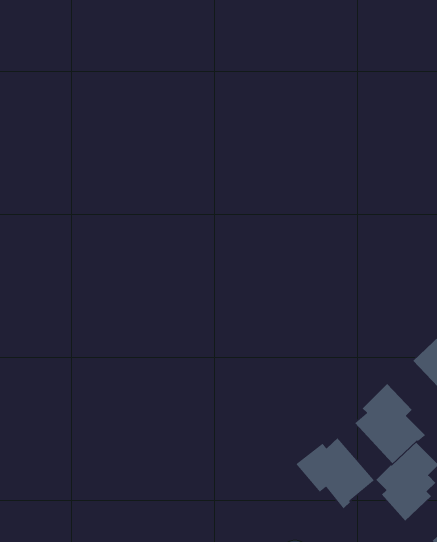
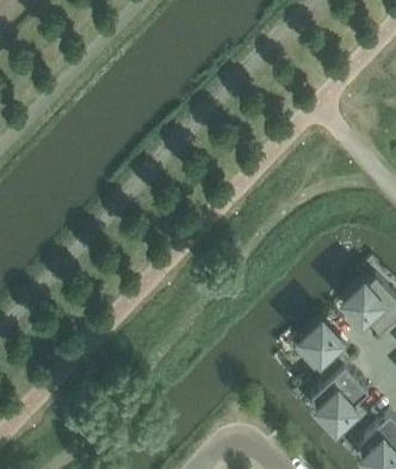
building: [296,437,375,509] -> none

